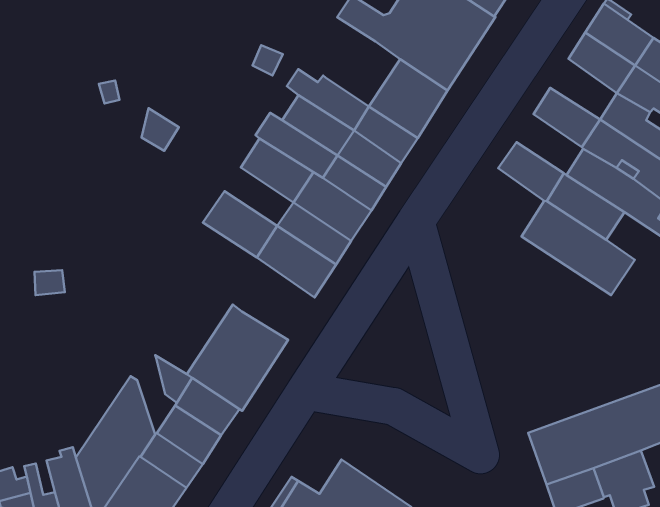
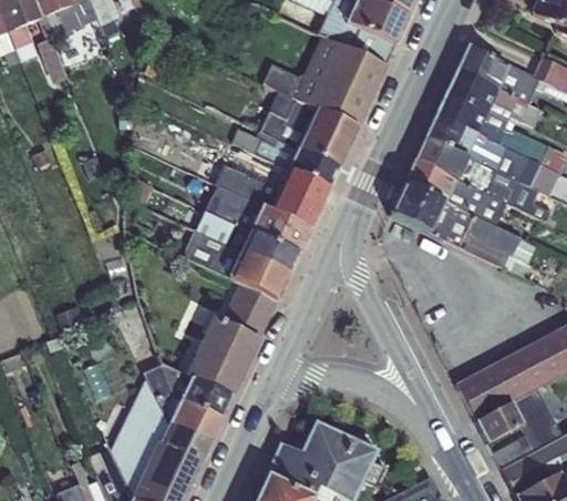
building: none -> [261,98,317,149]
building: none -> [435,90,487,133]
building: none -> [415,136,467,180]
building: none -> [196,209,250,250]
building: none -> [391,182,443,232]
building: none -> [223,283,277,337]
building: none -> [144,366,183,425]

